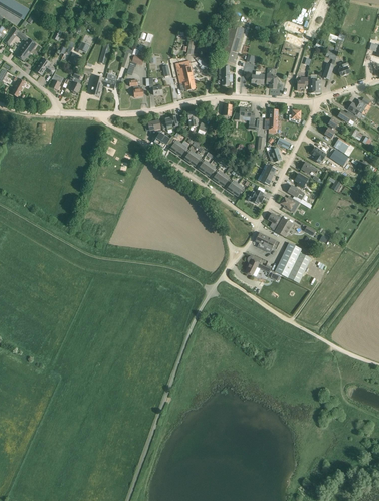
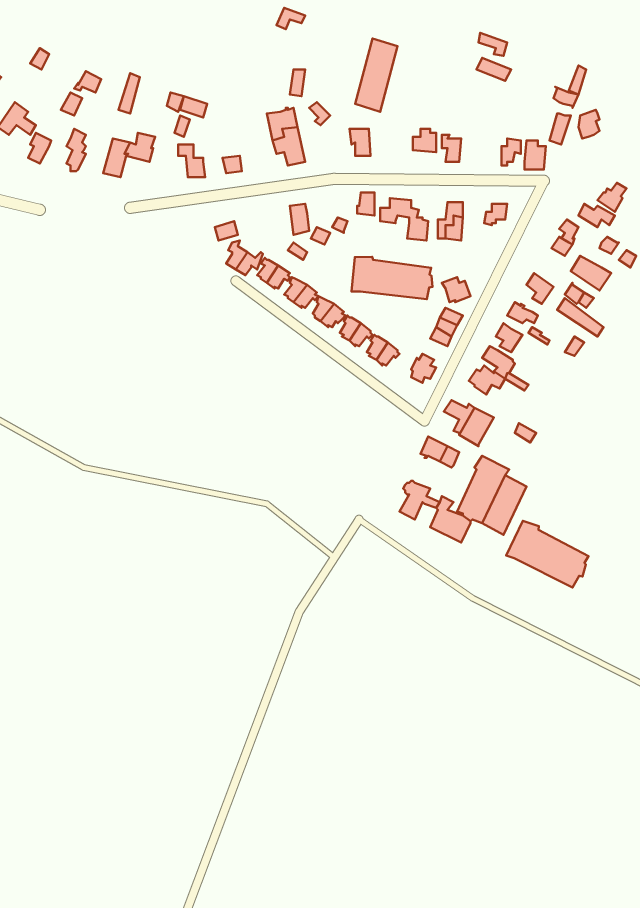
building: none -> [351,257,433,299]
building: none -> [506,521,589,587]

